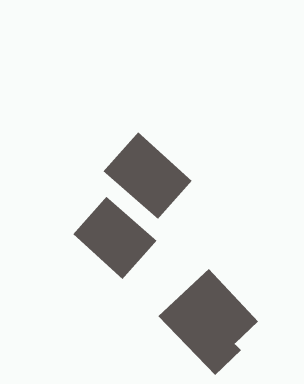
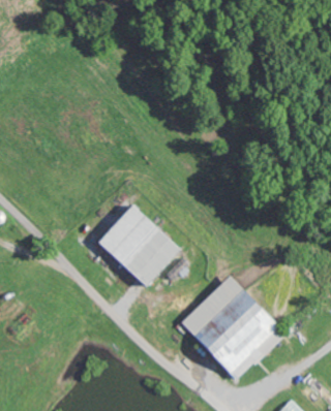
building: [102,132,192,220] -> none

